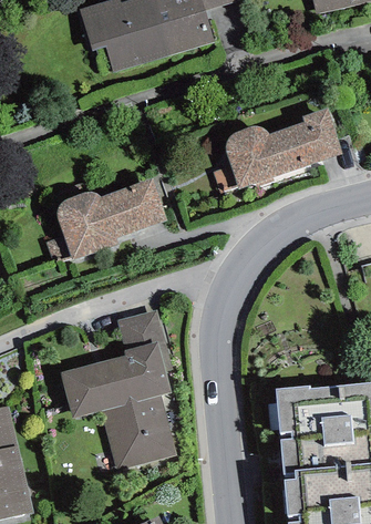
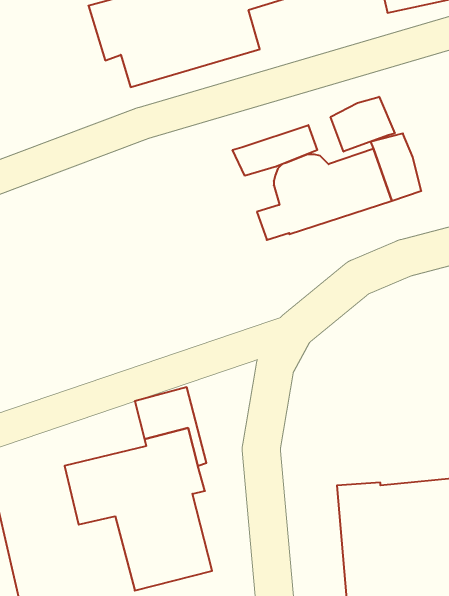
building: none -> [331,97,395,152]
building: none -> [233,125,317,176]
building: [45,177,166,261] -> none

